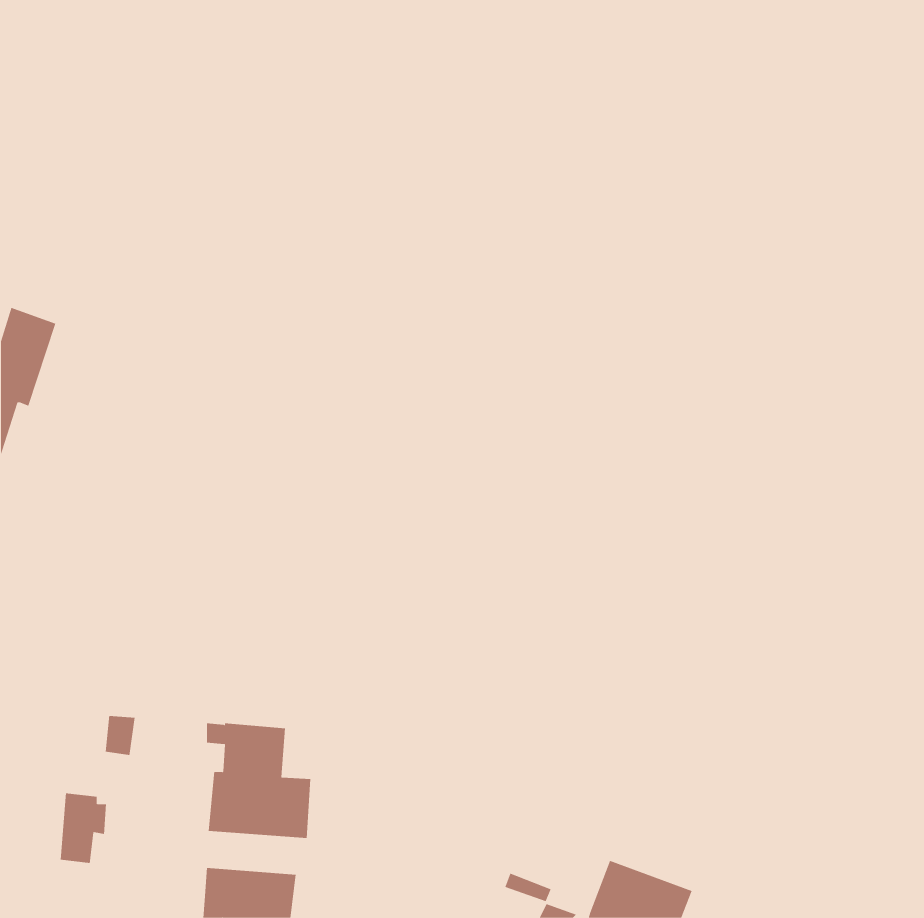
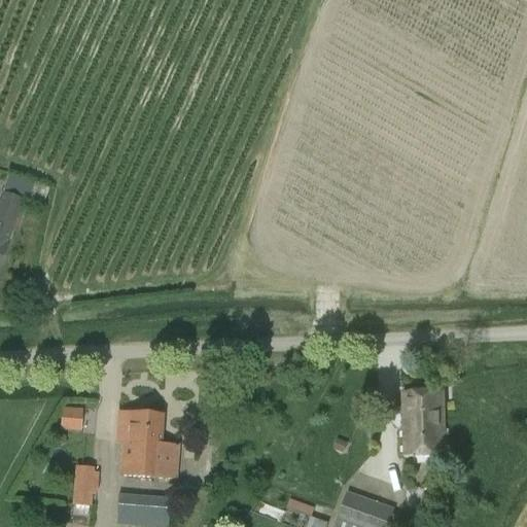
building: none -> [392,389,446,455]
building: [60,793,107,863] -> [71,465,98,505]

